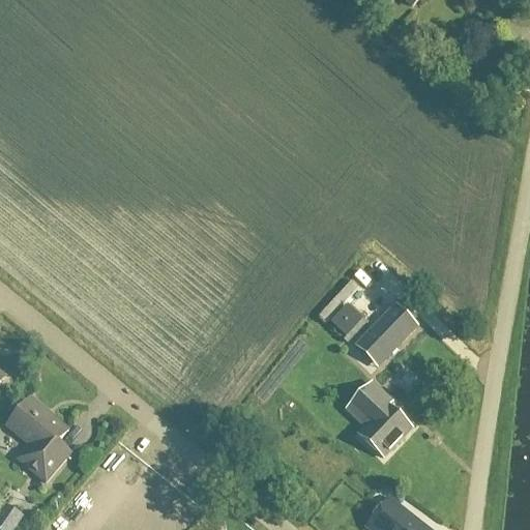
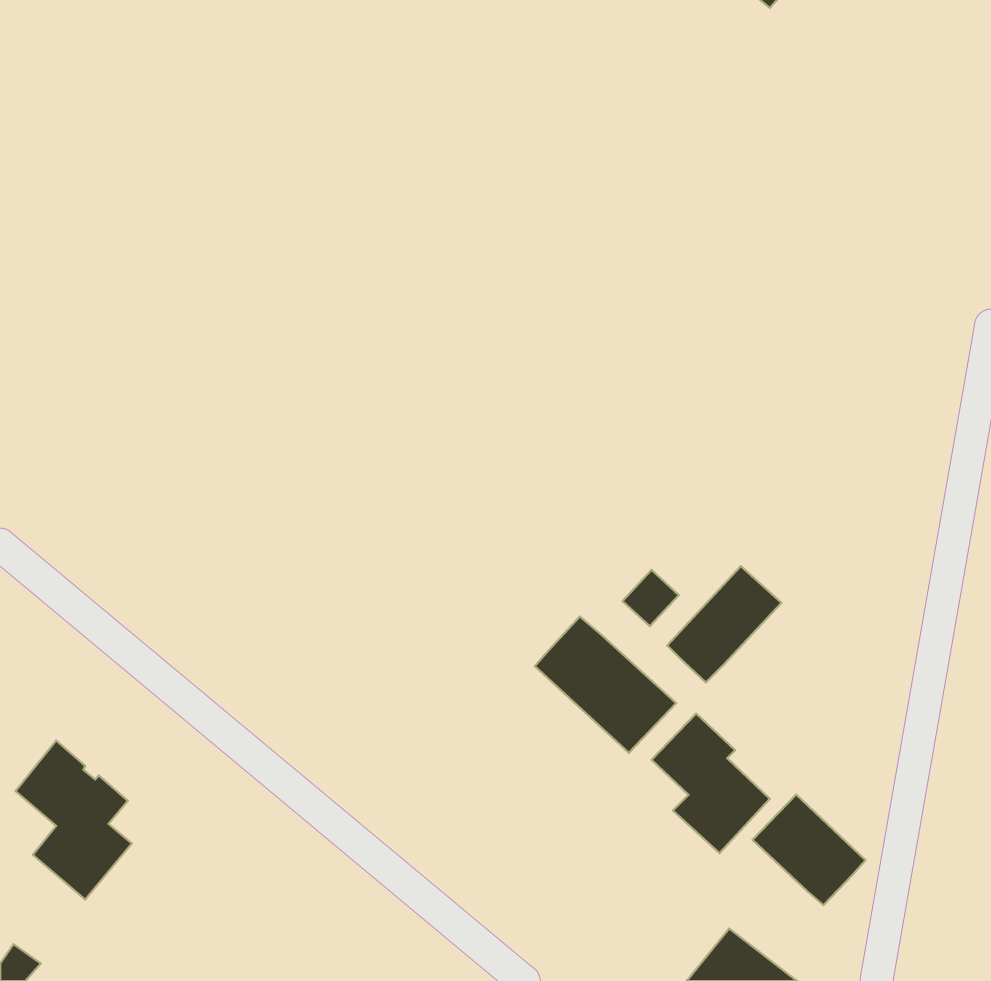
building: none -> [535,616,676,753]
building: none -> [752,795,865,905]

